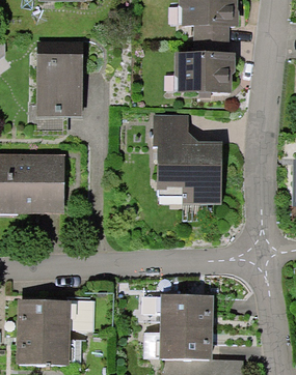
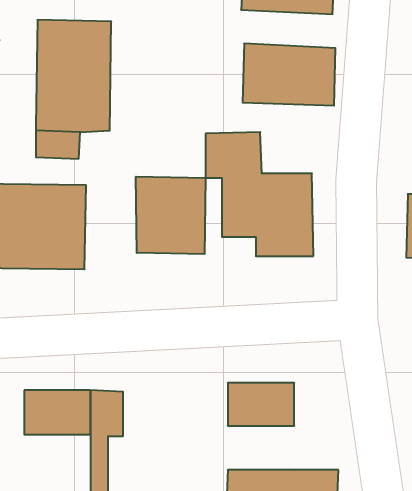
building: none -> [136,177,206,254]
building: [165,323,212,354] -> none
building: [22,329,69,362] -> none

